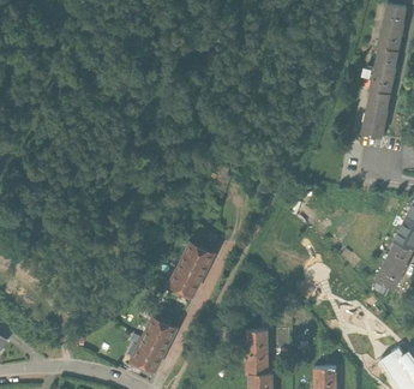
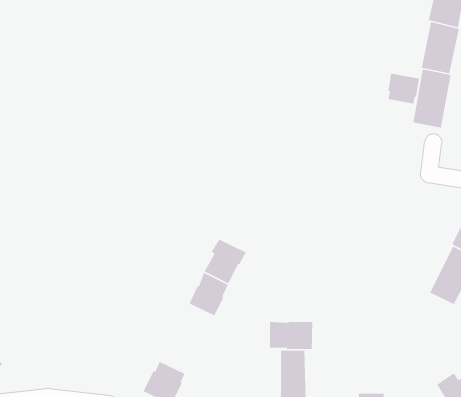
building: none -> [387,73,420,105]
building: none -> [269,321,313,350]
building: [142,312,179,349] -> none

